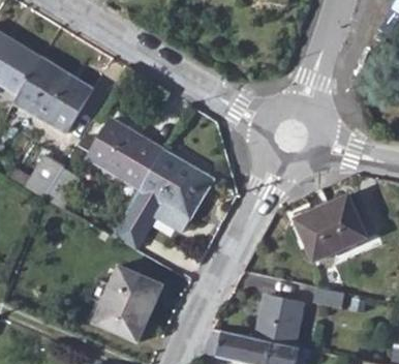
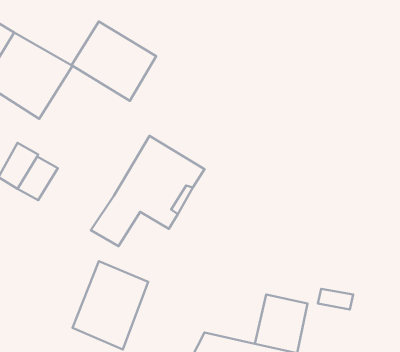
building: [86,119,162,190] -> [71,22,156,101]
building: [295,192,367,260] -> none

